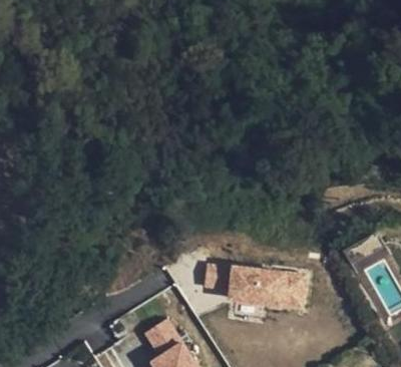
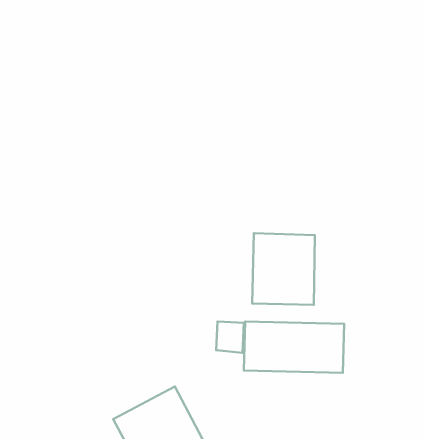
building: none -> [252,233,315,305]

